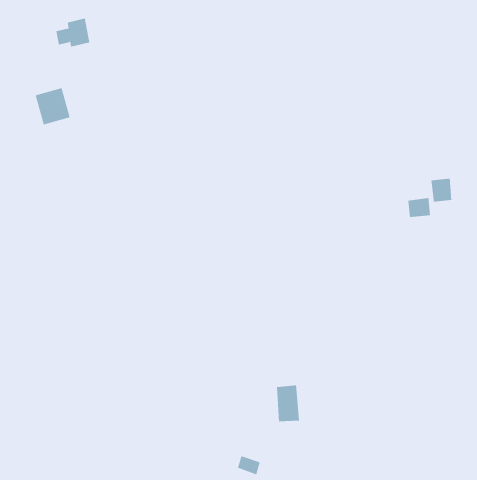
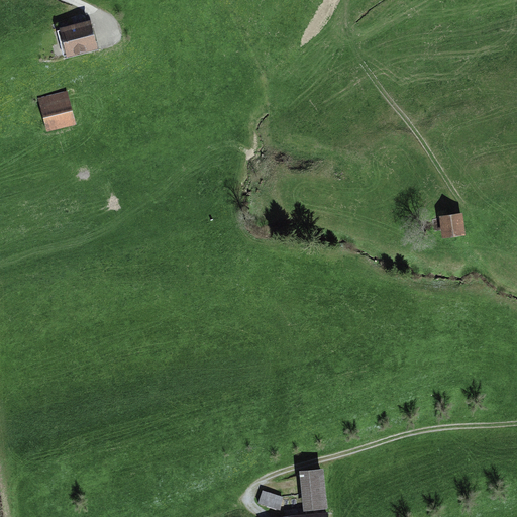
building: [431,178,452,202] -> none
building: [276,385,300,422] -> [301,469,326,508]

